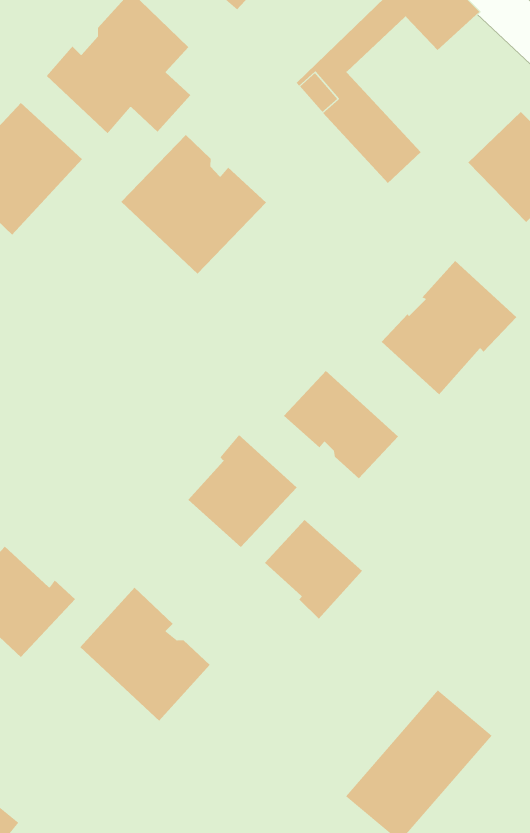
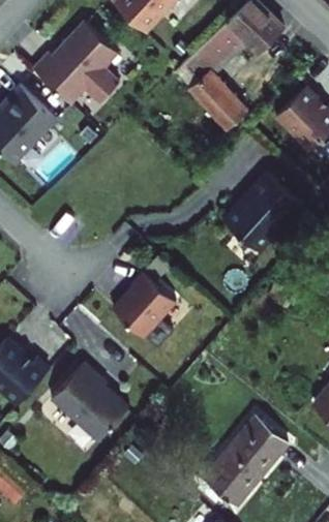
building: [121,134,267,274] -> none
building: [283,370,399,479] -> none
building: [264,519,363,619] -> none

